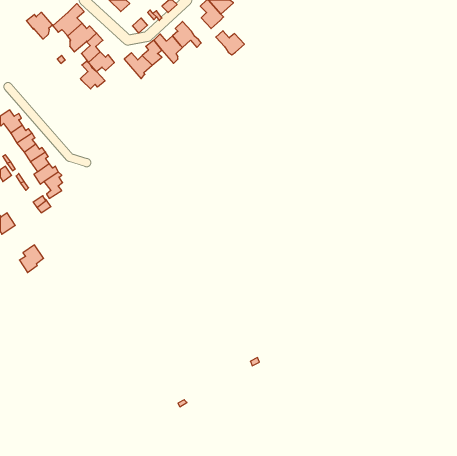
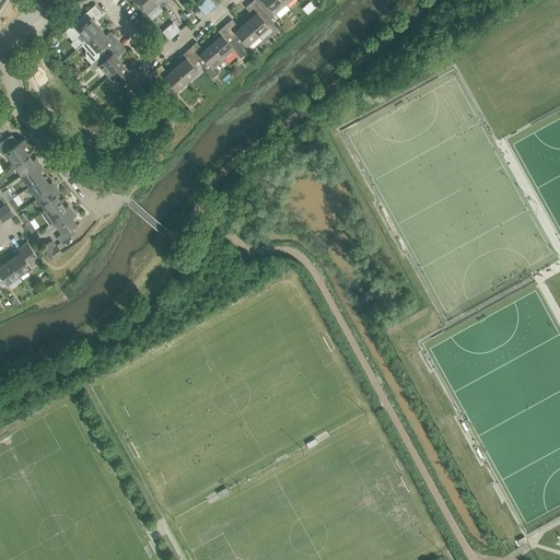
building: [26,12,53,39] -> none
building: [216,31,244,55] -> [223,20,258,49]
building: [80,61,105,89] -> none
building: [19,245,44,273] -> [9,243,38,277]

